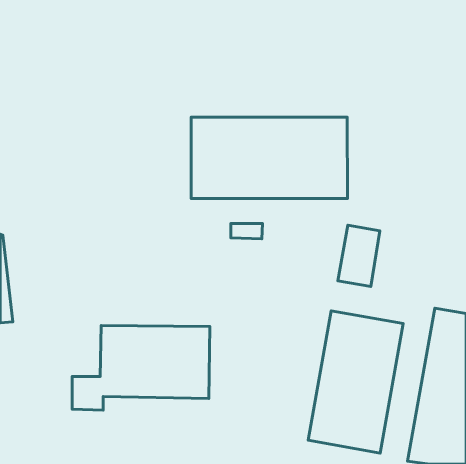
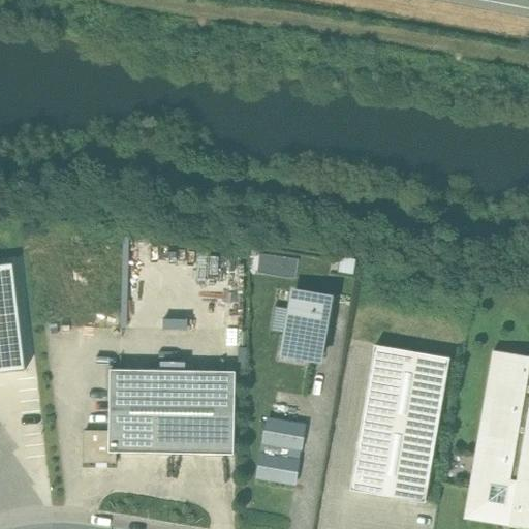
building: [191,117,347,198] -> none
building: [338,225,380,286] -> [283,289,331,359]
building: none -> [258,417,305,481]

